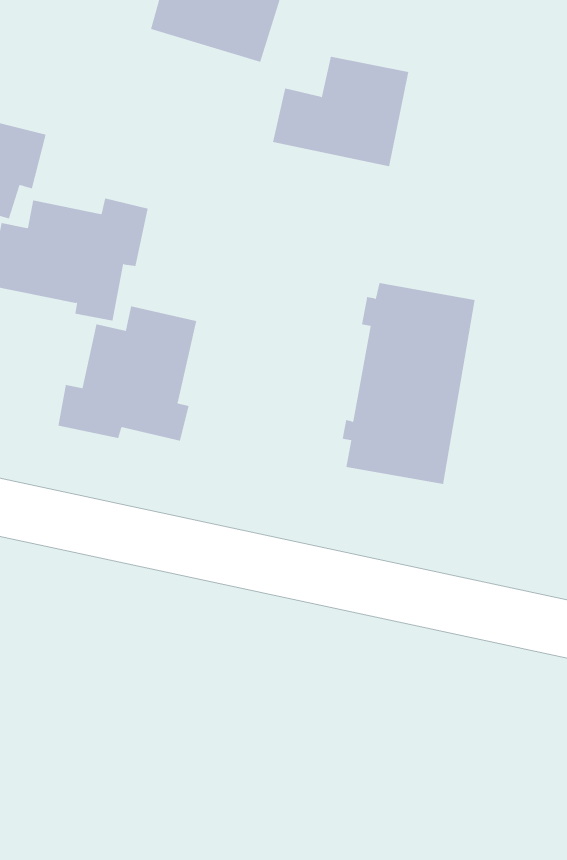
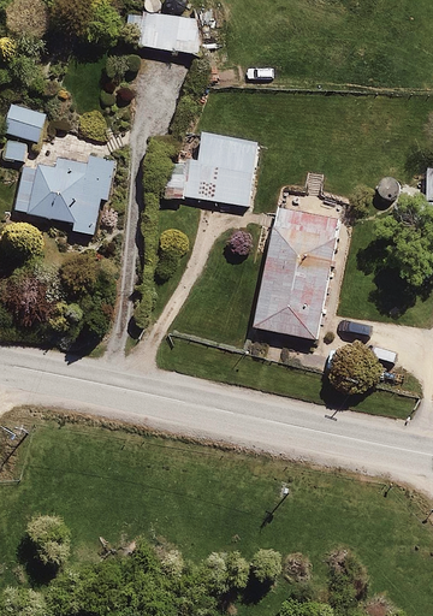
building: [272,56,409,167] -> [165,131,259,207]
building: [58,306,197,441] -> none

